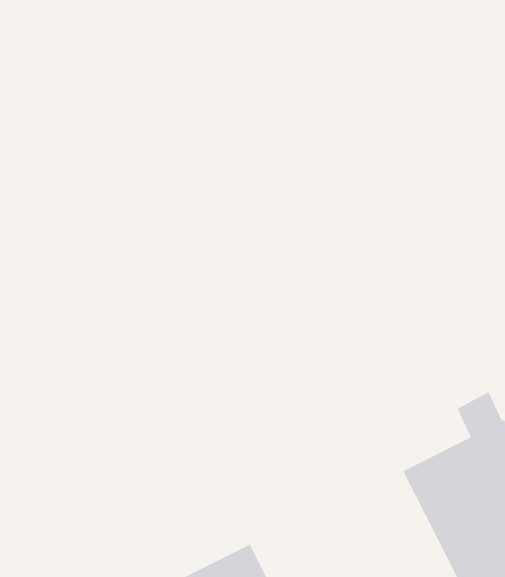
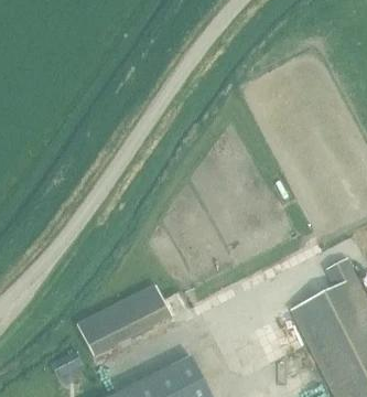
building: none -> [76,283,171,355]

